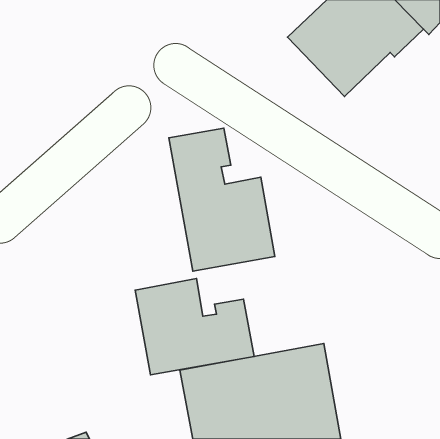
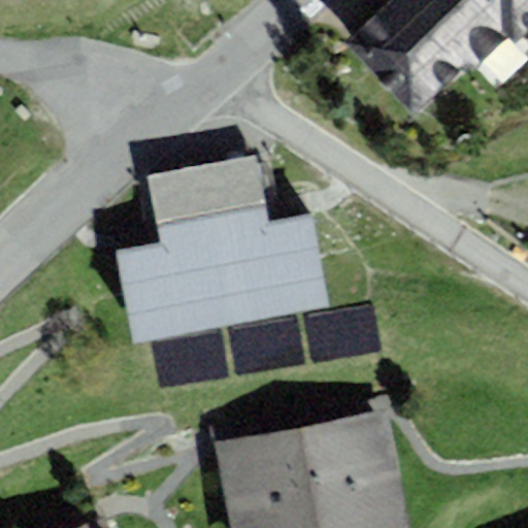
building: none -> [118,165,231,342]
building: [135,279,254,375] -> none

